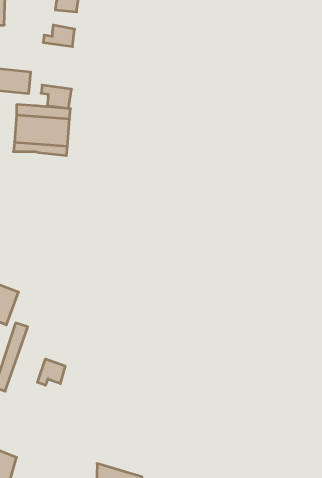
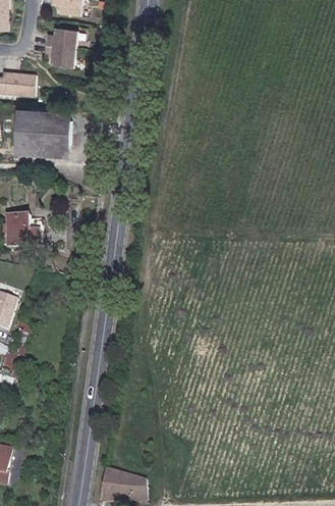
building: [41,85,72,109] -> [44,46,74,69]
building: none -> [7,210,40,240]
building: [37,359,65,385] -> none

